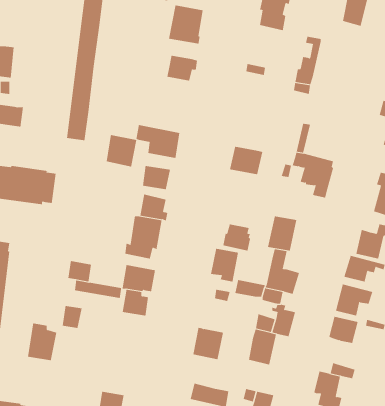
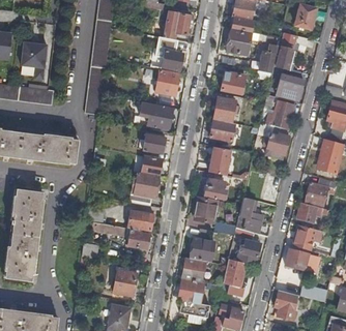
building: none -> [227,27,259,55]
building: none -> [276,32,308,69]
building: none -> [221,70,244,93]
building: none -> [276,73,304,99]
building: none -> [213,96,235,122]
building: none -> [271,99,294,128]
building: [106,134,137,167] -> [155,70,179,95]
building: [267,216,297,251] -> [208,146,231,173]
building: none -> [190,237,214,262]
building: [27,323,57,361] -> [113,266,136,295]
building: none -> [177,277,203,303]

